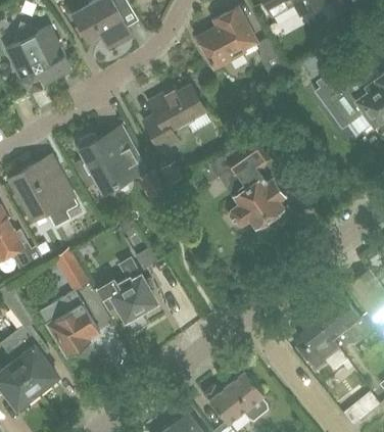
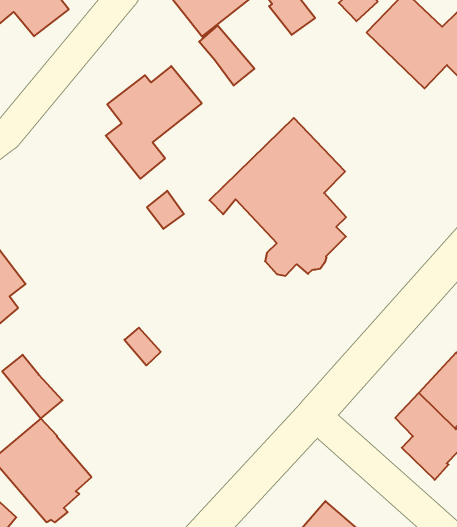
building: none -> [199,26,254,86]
building: [75,127,144,192] -> none
building: [99,258,158,331] -> none

